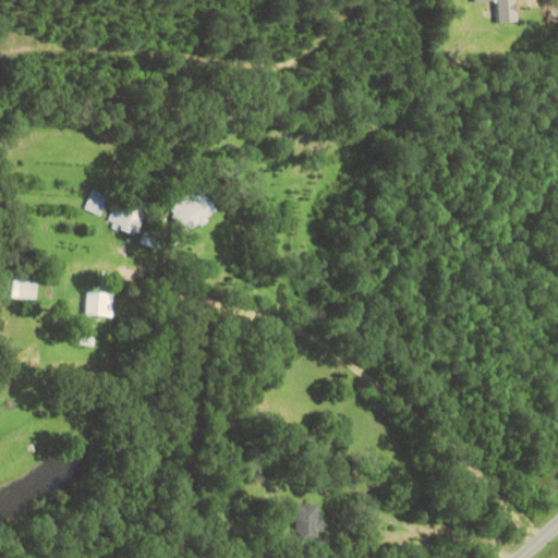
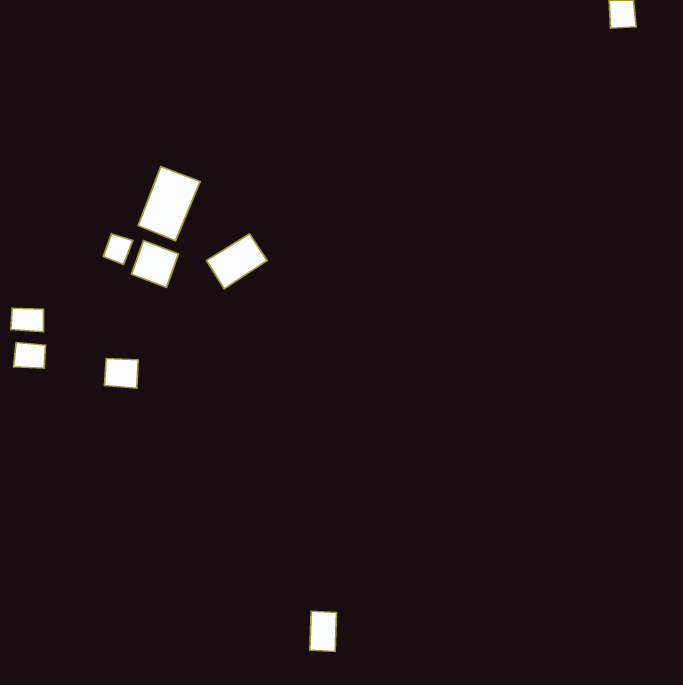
building: none -> [138,166,200,241]
building: none -> [11,308,44,332]
building: [298,505,319,537] -> [310,611,337,652]

